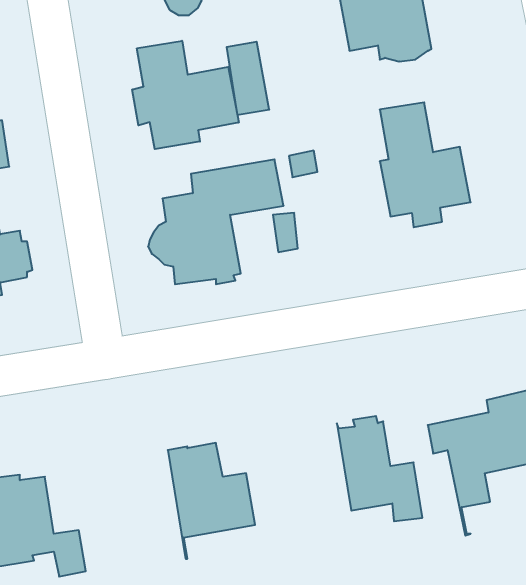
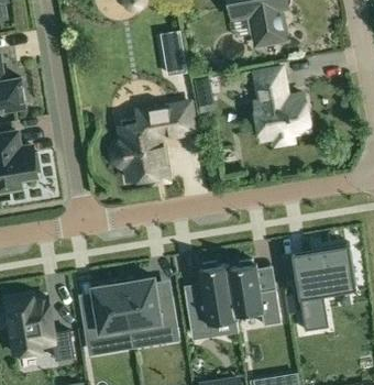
building: [132,41,239,149] -> none
building: none -> [184,262,239,332]
building: none -> [80,282,134,349]

